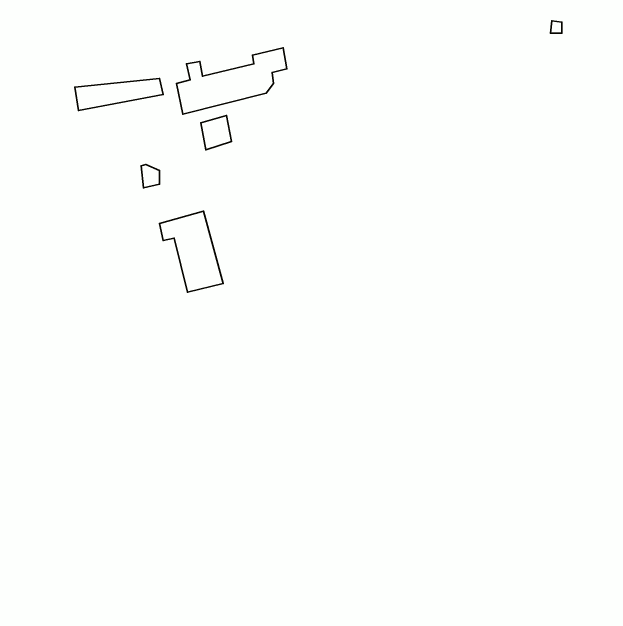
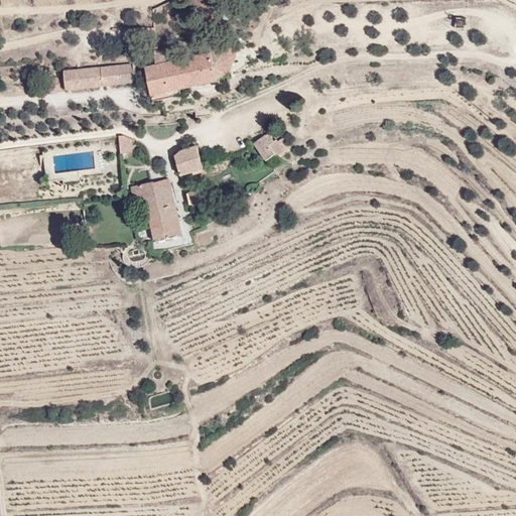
building: [201,116,231,150] -> [174,147,200,175]
building: none -> [254,135,286,160]

